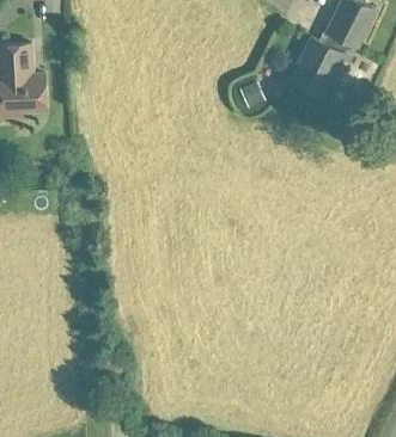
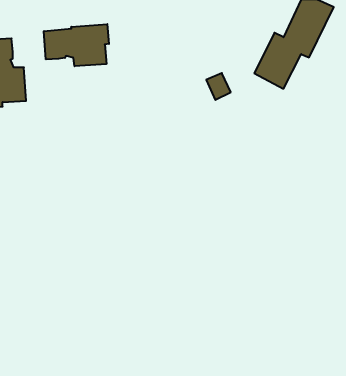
building: none -> [44,24,109,66]

